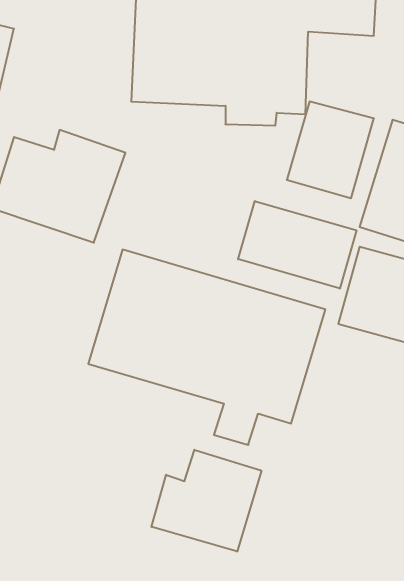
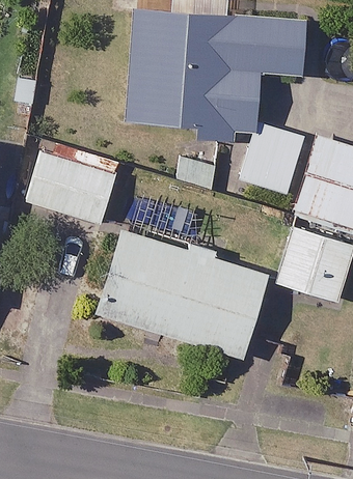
building: [238,201,356,289] -> none
building: [151,450,261,552] -> none

